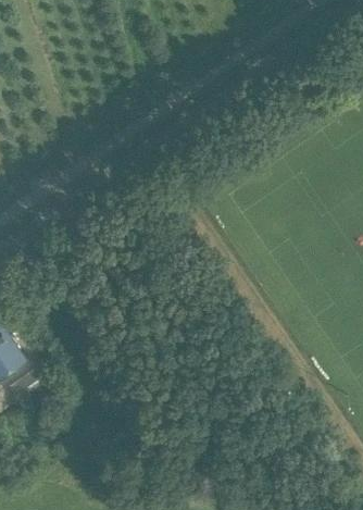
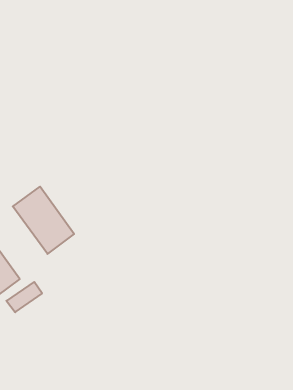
building: none -> [13,187,74,254]

